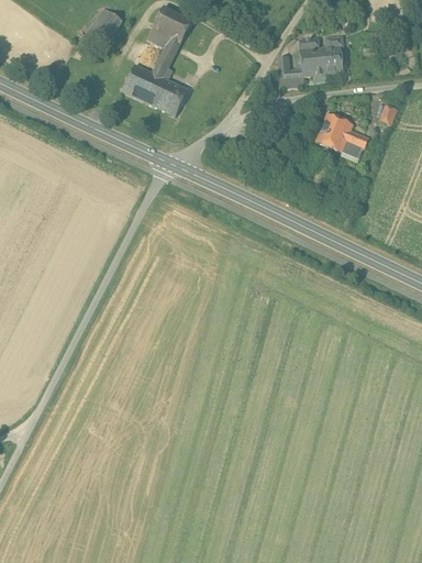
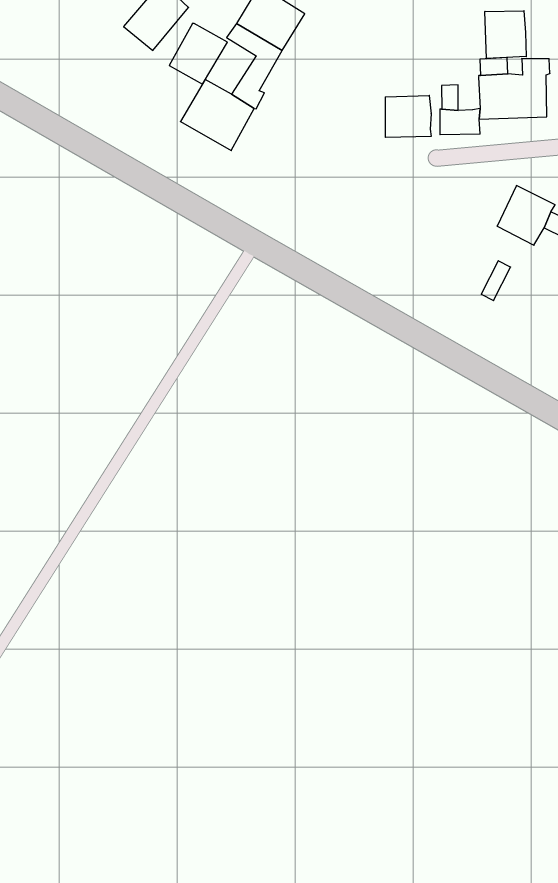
building: none -> [485,11,526,59]
building: none -> [385,95,431,137]
building: [154,79,188,115] -> [169,23,227,84]

